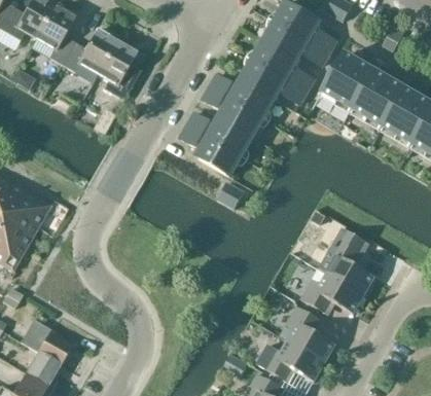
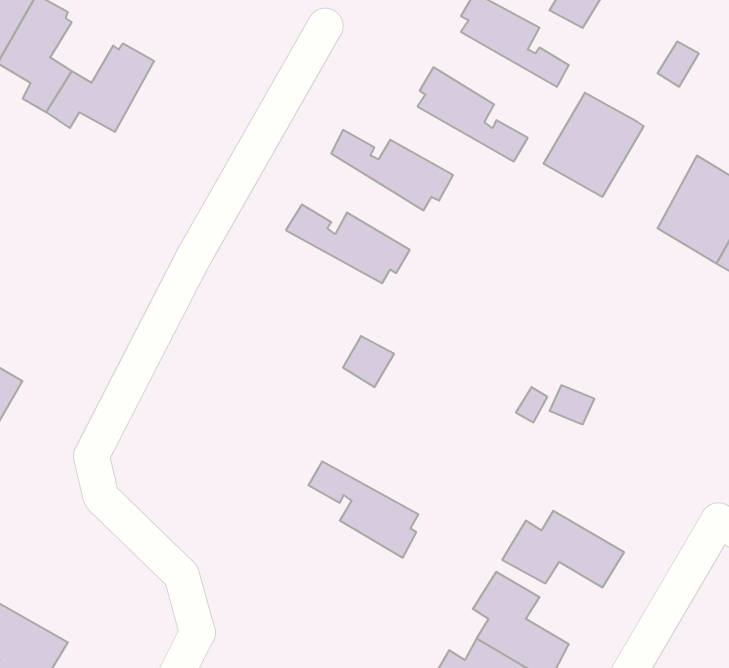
building: [264,23,329,66] -> none
building: [98,38,137,101] -> none
building: [242,62,307,104] -> none
building: [353,72,402,125] -> none
building: [203,86,259,137] -> none
building: [180,127,238,177] -> [308,462,418,558]
building: [325,238,374,295] -> none

